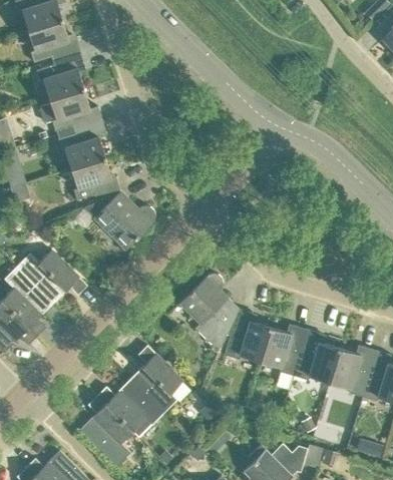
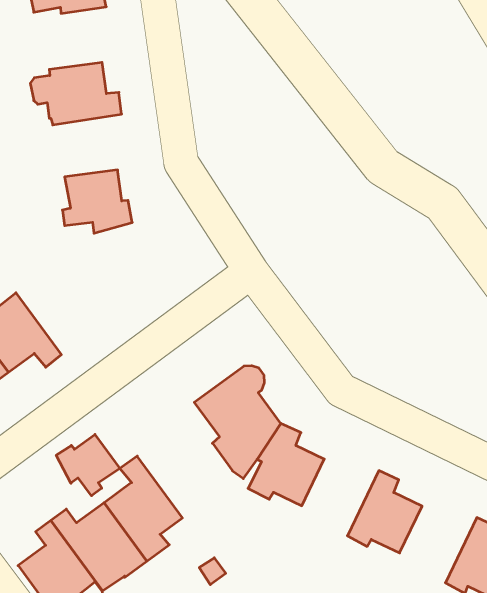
building: [35,52,84,99] -> none
building: [56,121,106,168] -> none
building: [91,191,154,251] -> none
building: [260,326,307,376] -> none
building: none -> [56,434,120,496]
building: [329,347,376,397] -> none

